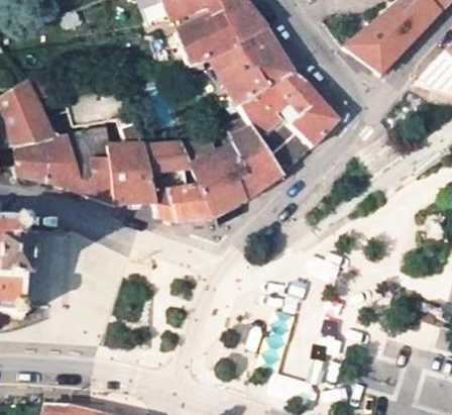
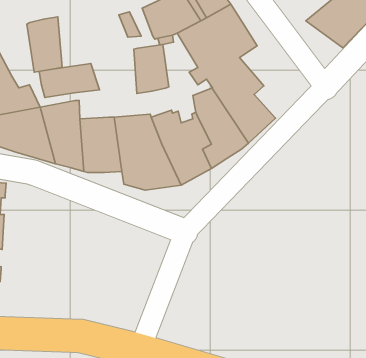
building: none -> [27,17,62,72]
building: none -> [134,45,169,94]
building: [275,72,338,146] -> none

